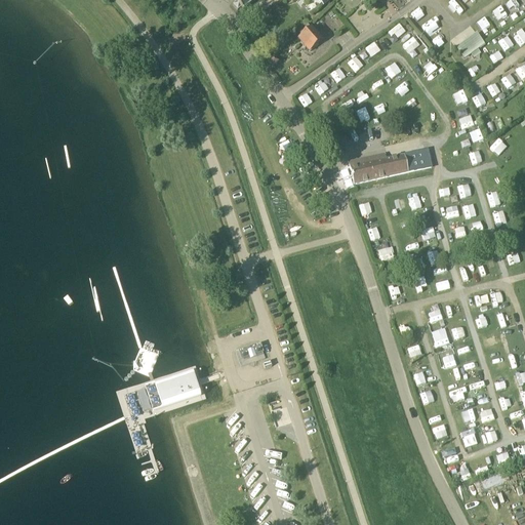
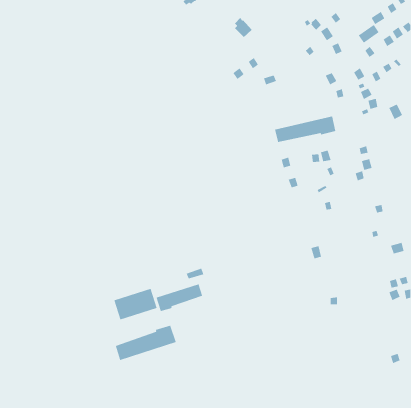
building: none -> [156,283,203,312]
building: none -> [115,325,177,361]

